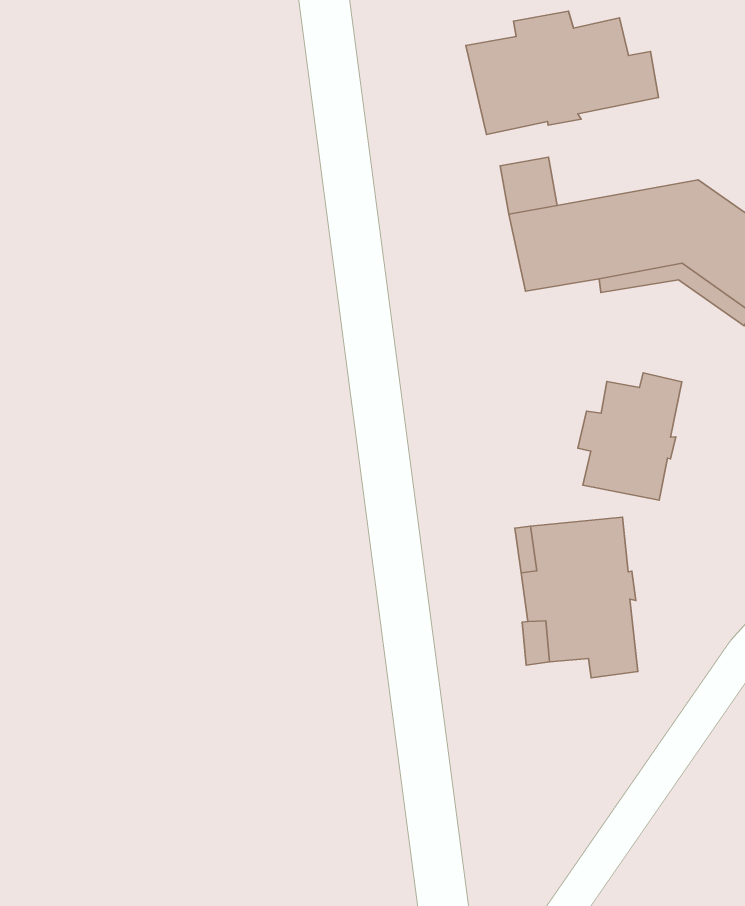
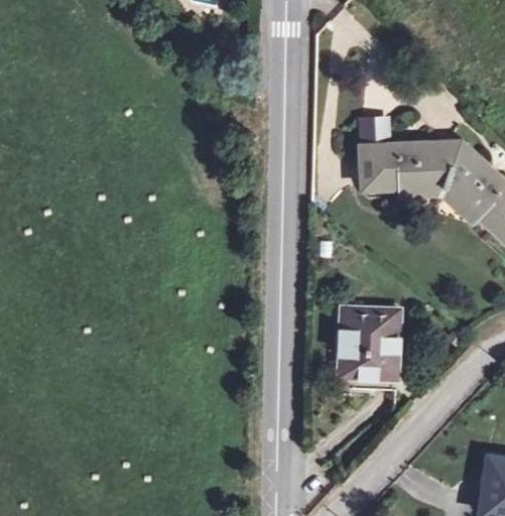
building: [466,11,659,134] -> none
building: [578,373,682,500] -> none

